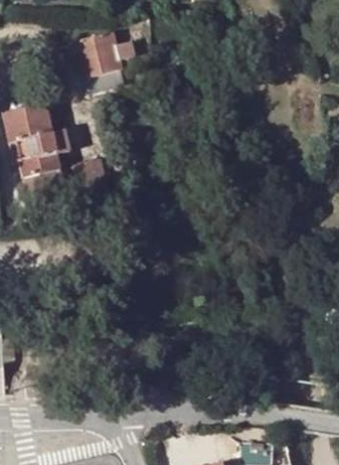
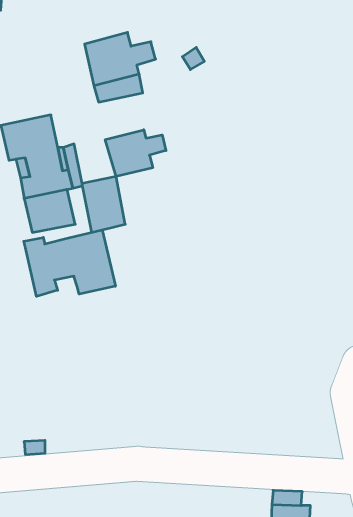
building: none -> [105,130,166,177]
building: none -> [24,230,115,296]

